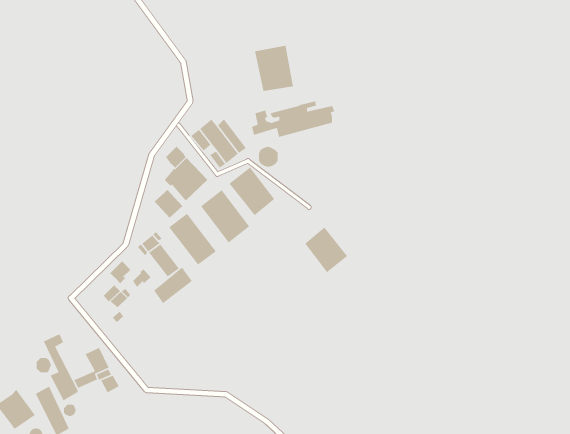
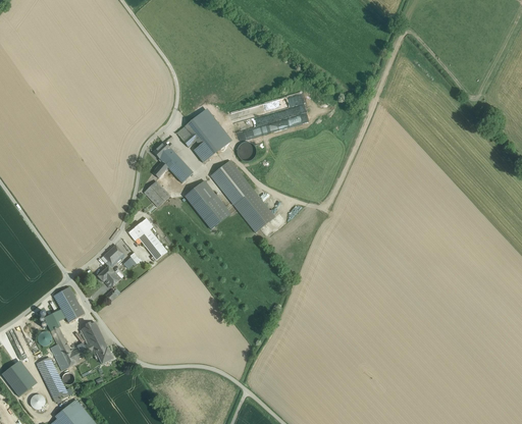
building: [254,45,294,92] -> none
building: [168,213,217,266] -> none
building: [304,227,348,273] -> [233,189,273,230]
building: [153,267,193,304] -> none
building: none -> [52,285,84,322]

